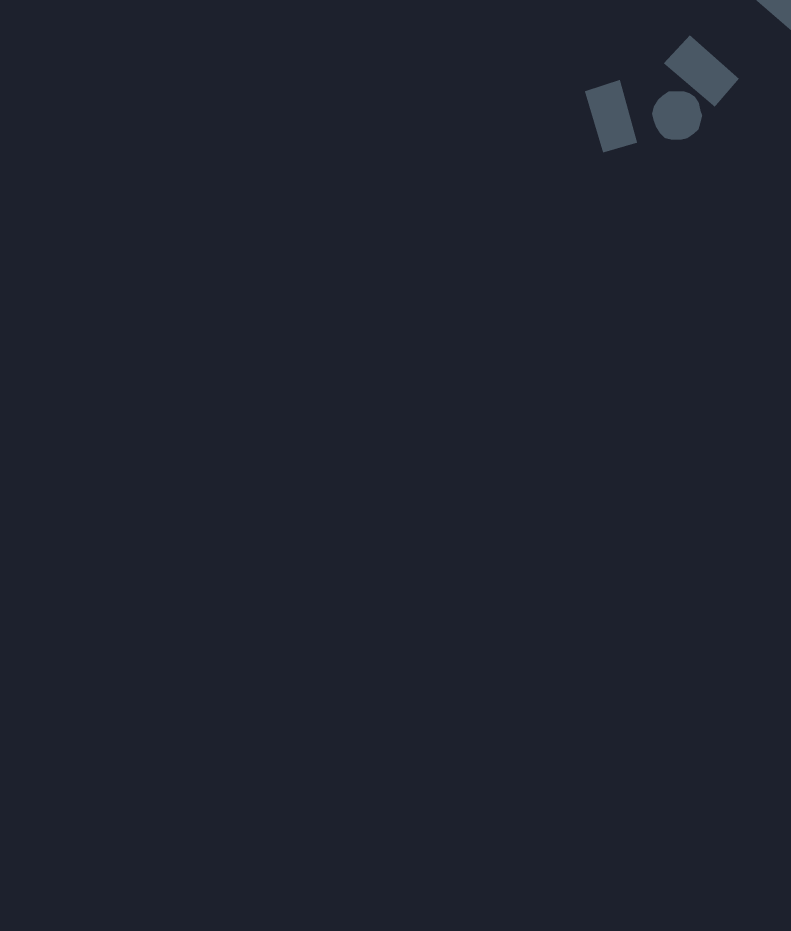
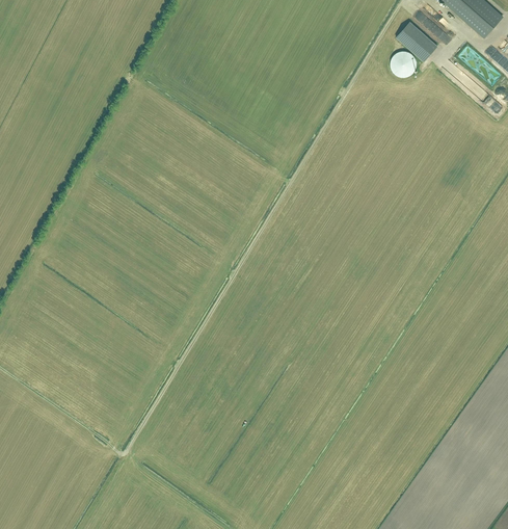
building: [584,79,638,154] -> none

